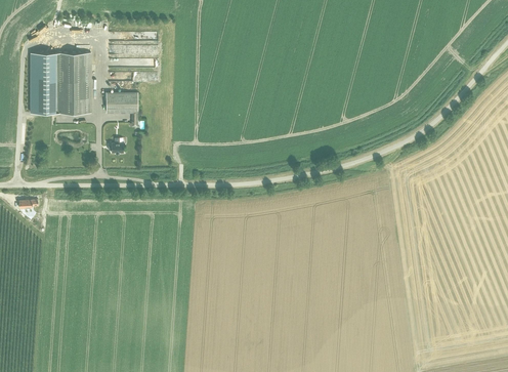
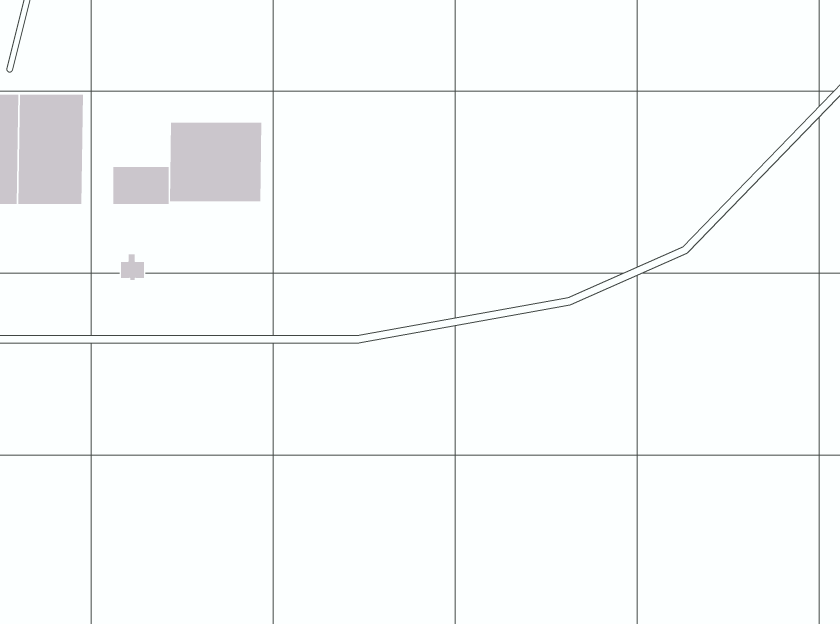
building: none -> [170,122,262,202]

